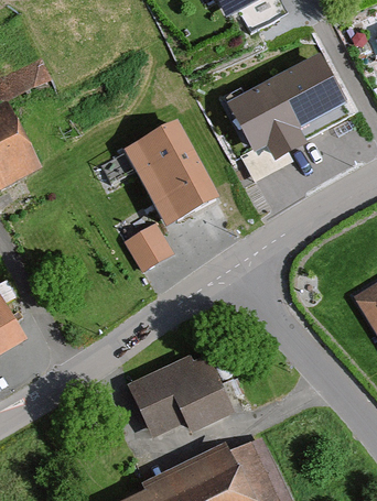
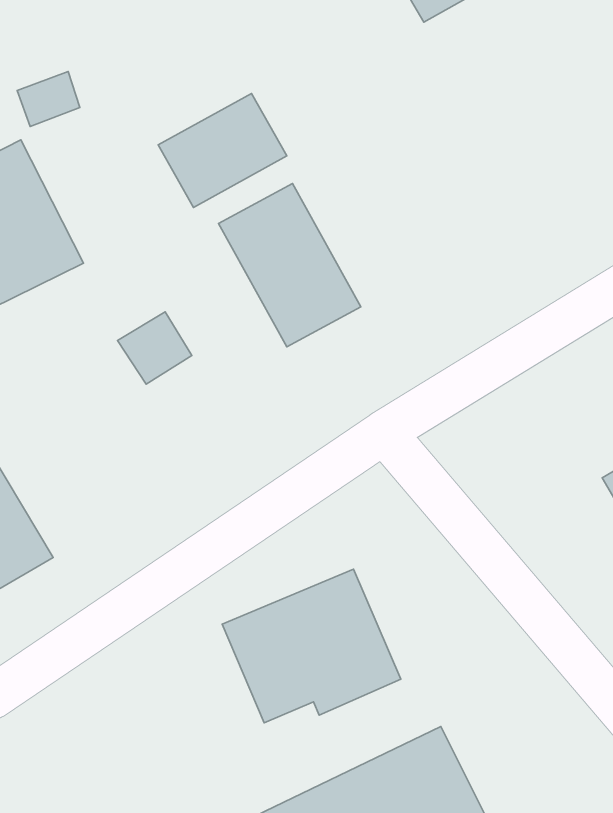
building: [227,57,337,178] -> none
building: none -> [158,93,287,207]
building: [122,226,165,268] -> [118,312,192,384]

